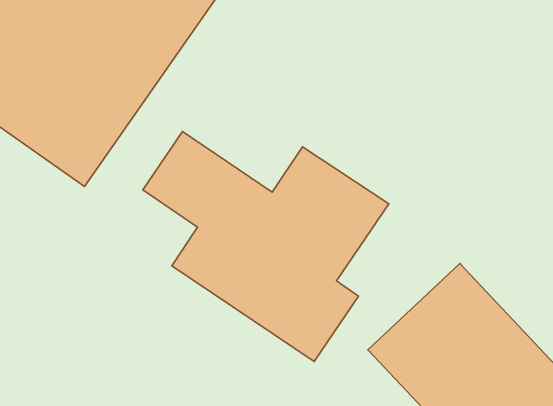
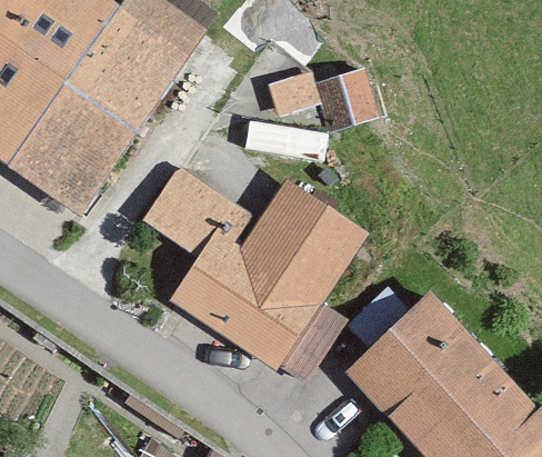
building: none -> [259,64,370,131]

